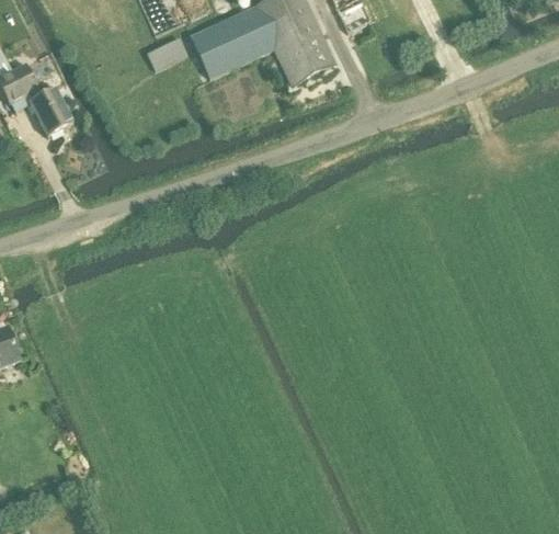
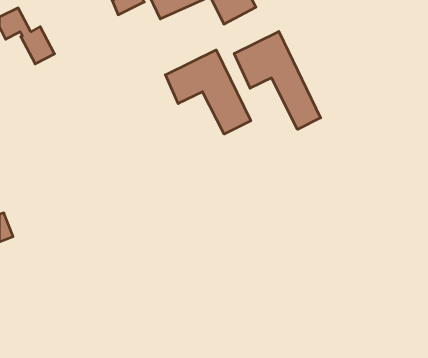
building: none -> [234,31,321,129]
building: none -> [165,50,251,134]

